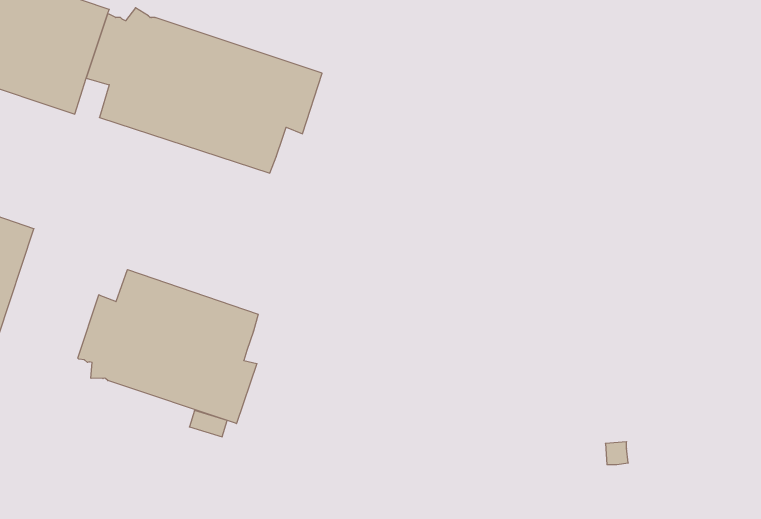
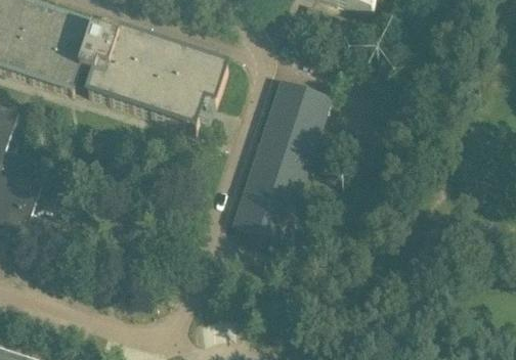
building: none -> [234,77,331,239]
building: [78,270,258,424] -> none

